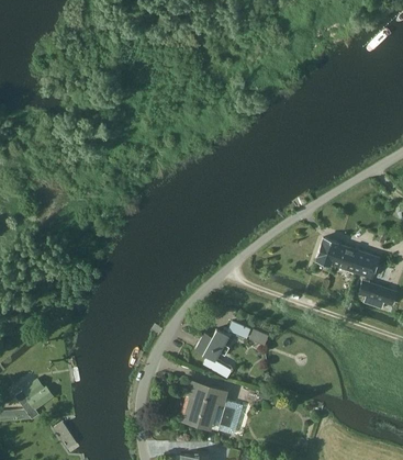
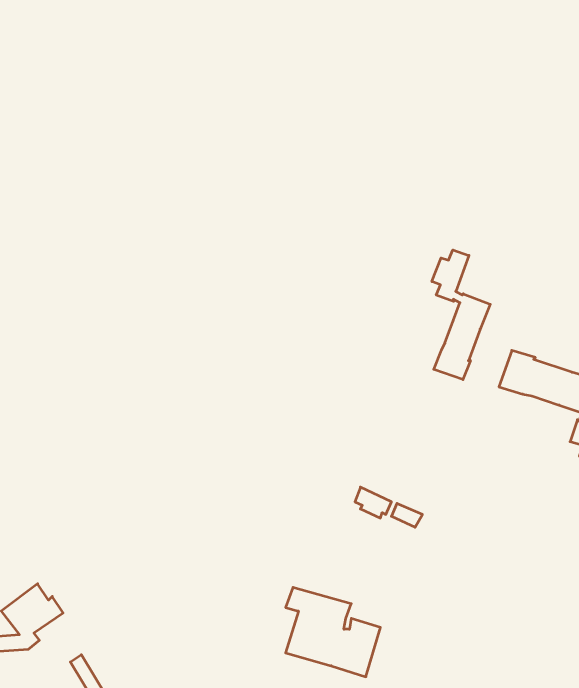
building: none -> [432,250,490,380]
building: [195,329,233,378] -> none

